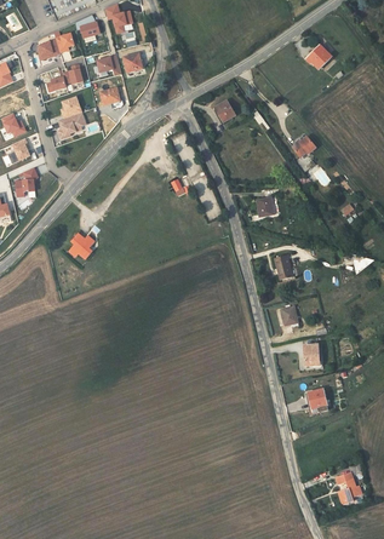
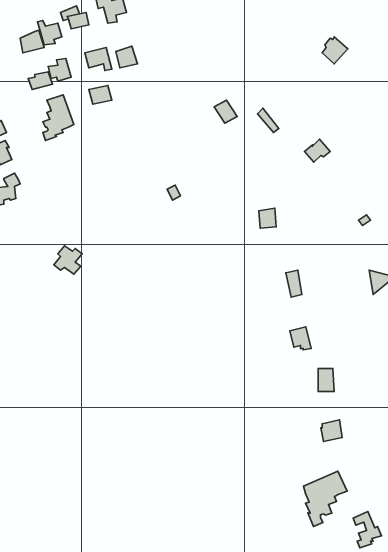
building: none -> [303,471,347,527]

